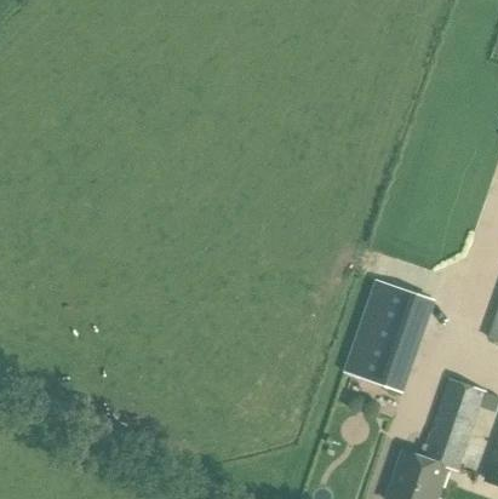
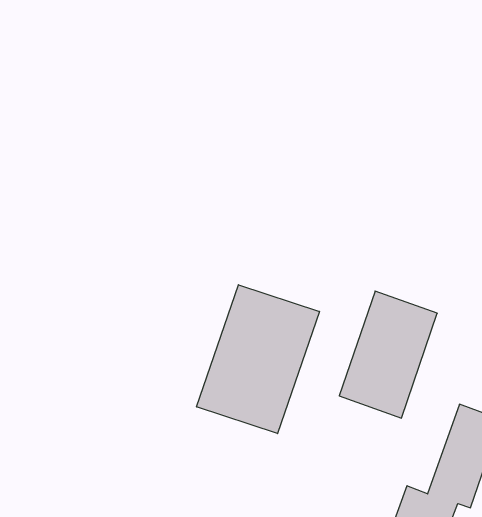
building: none -> [197,285,319,434]

